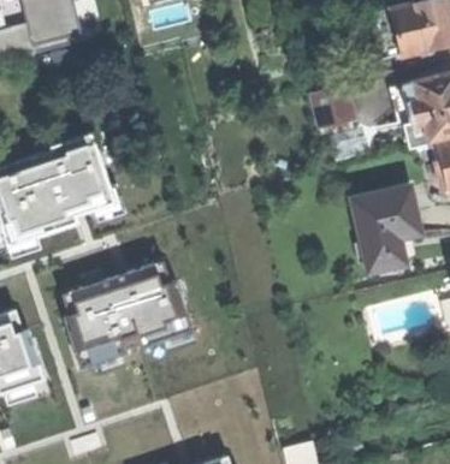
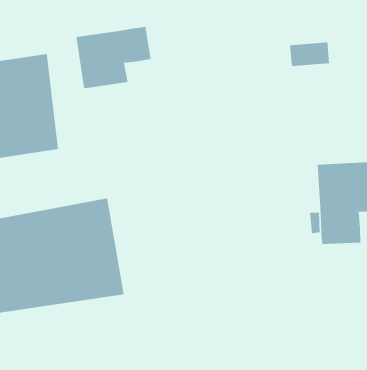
building: none -> [76,26,151,89]

